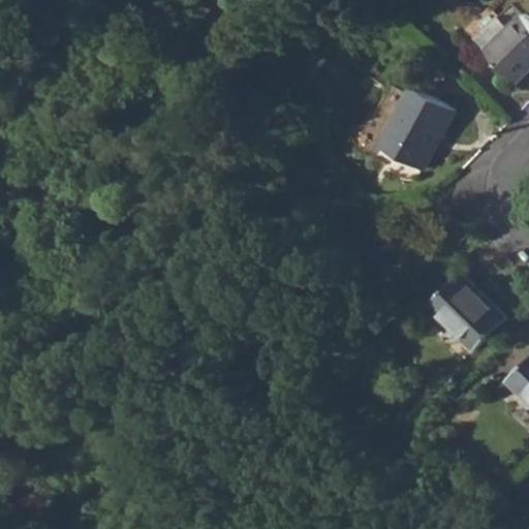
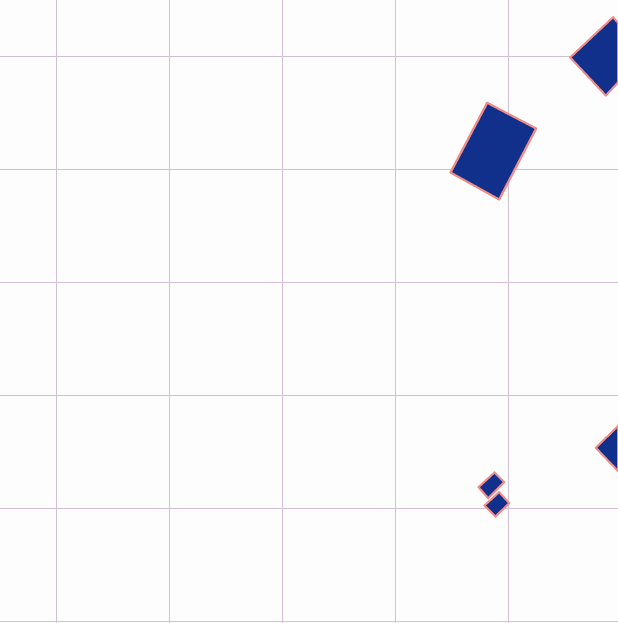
building: [425,274,502,351] -> none

